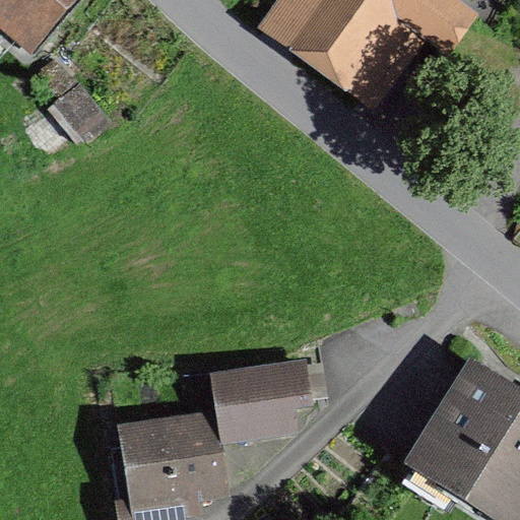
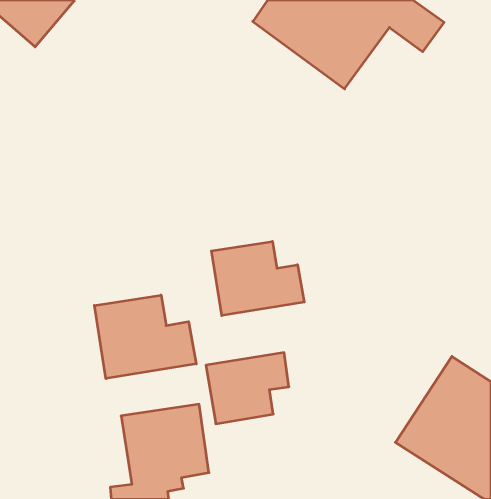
building: none -> [211,241,304,316]
building: none -> [94,295,196,379]

